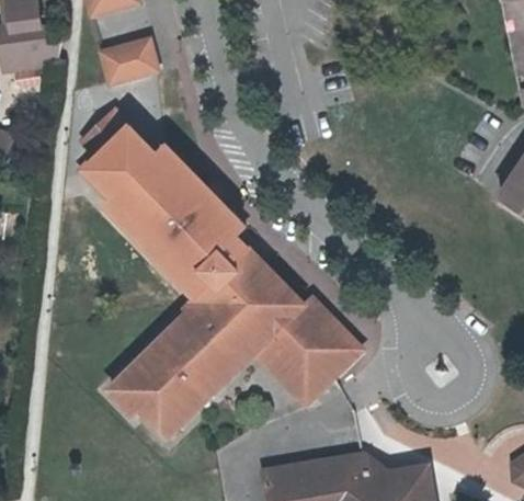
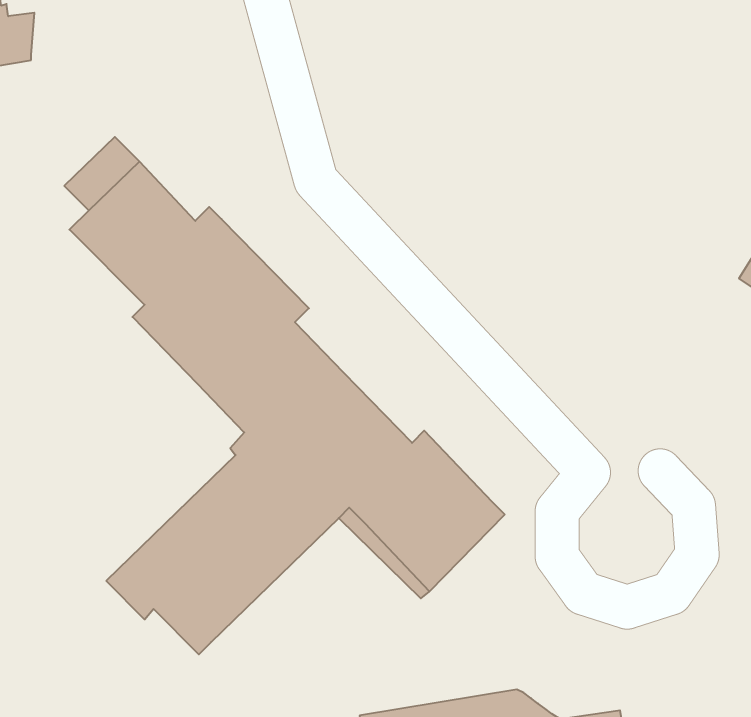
building: [101,39,157,83] -> none

